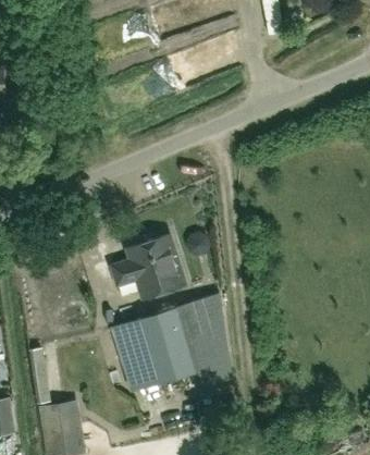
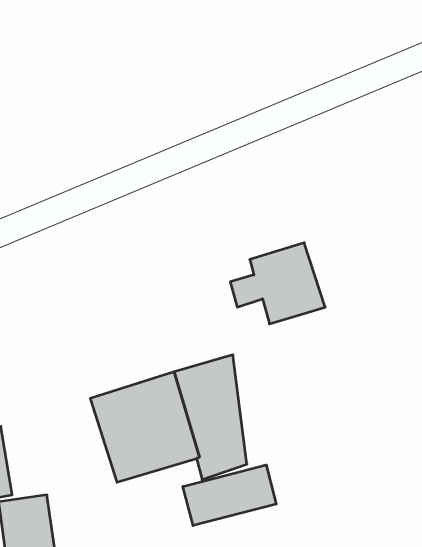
building: [111,234,185,297] -> [230,243,325,324]
building: none -> [183,465,276,526]

